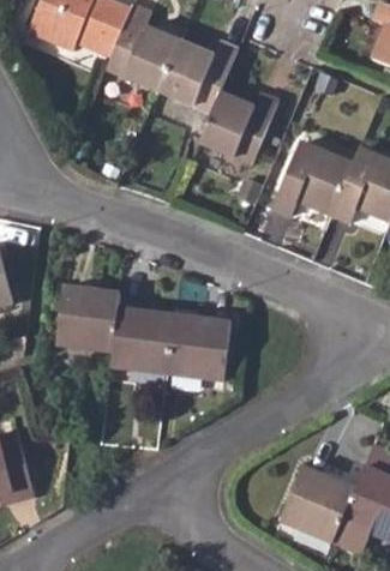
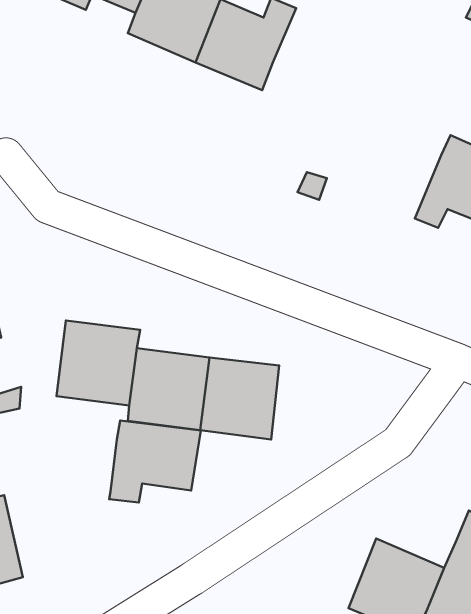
building: [203,89,281,160] -> none
building: [275,142,353,214] -> none
building: none -> [109,420,201,503]

